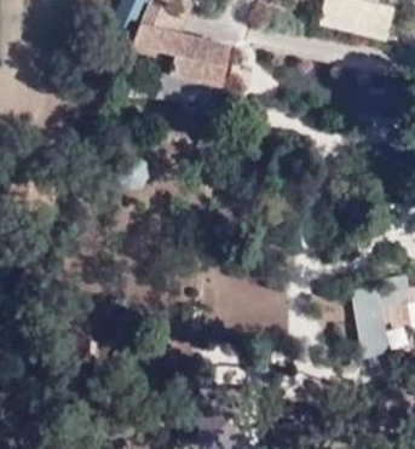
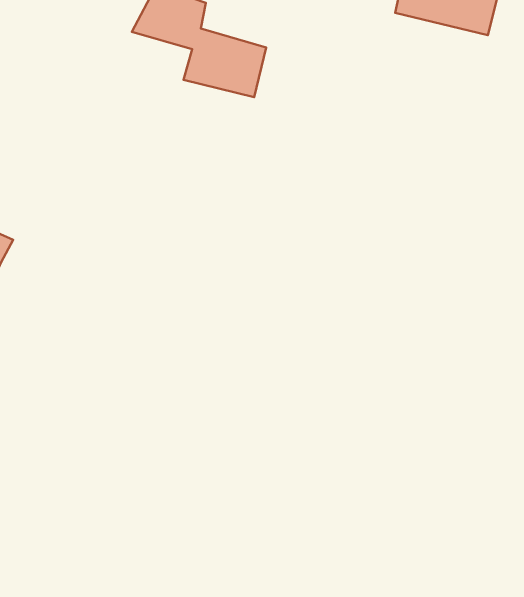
building: [350,281,393,355] -> none

